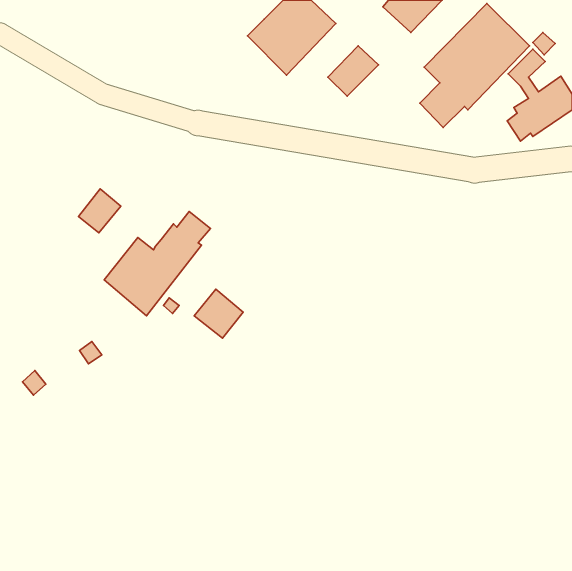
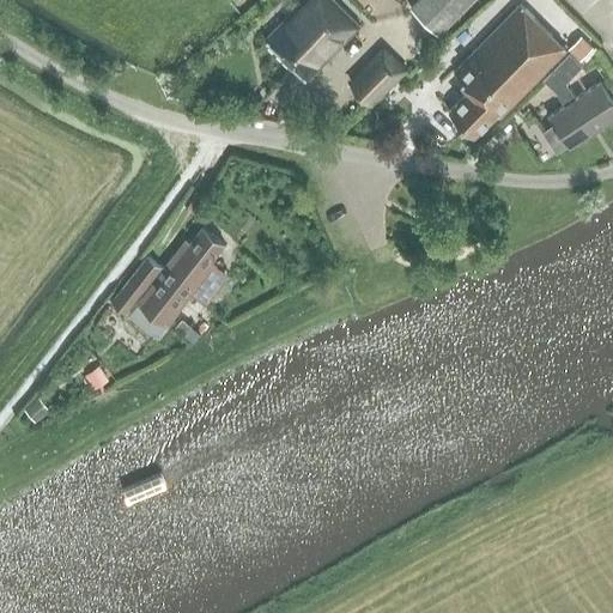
building: [78,189,121,233] -> none
building: [194,289,243,338] -> none

